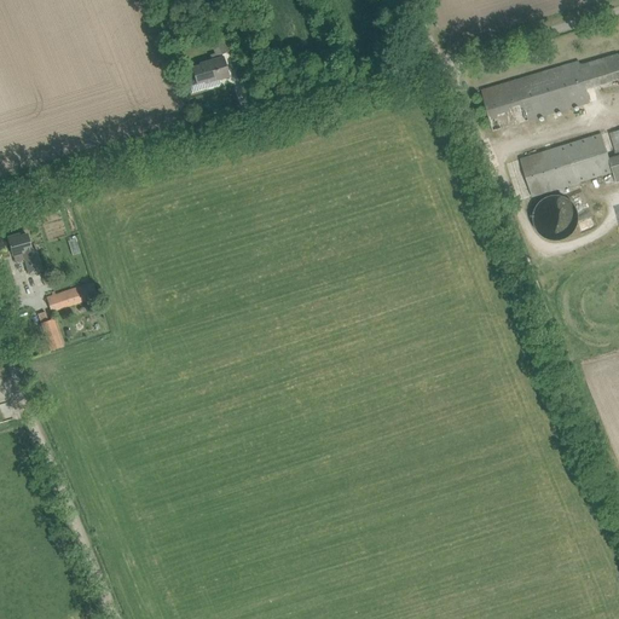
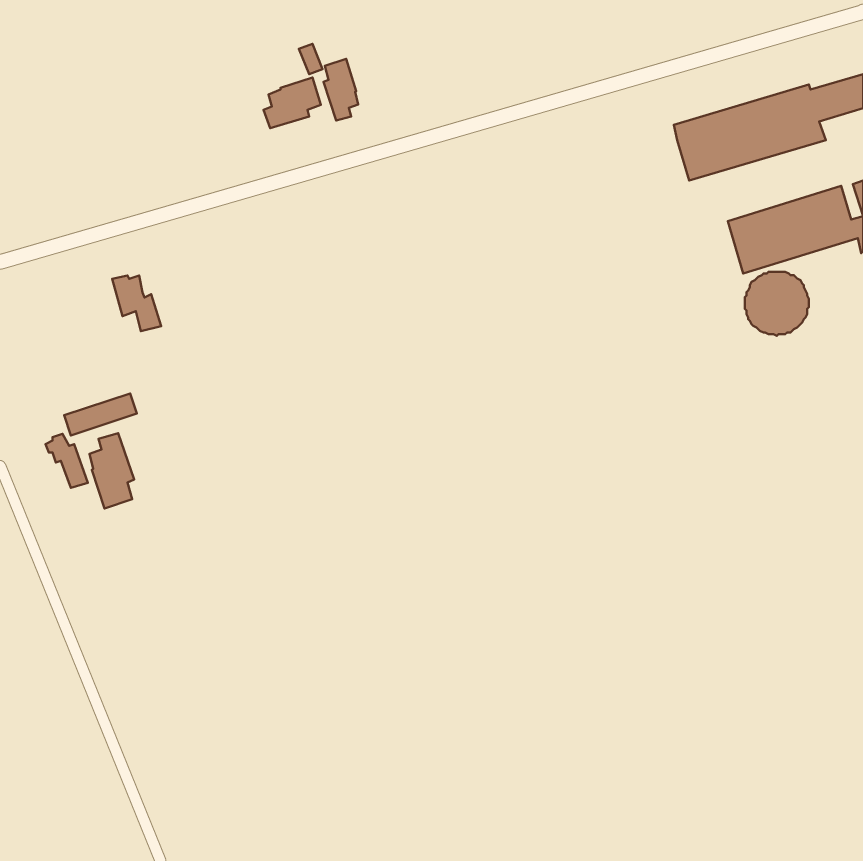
building: none -> [323,59,358,120]
building: [8,233,44,273] -> [112,276,161,331]
building: none -> [89,433,134,508]

